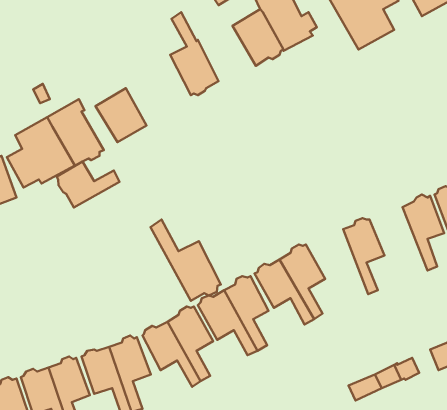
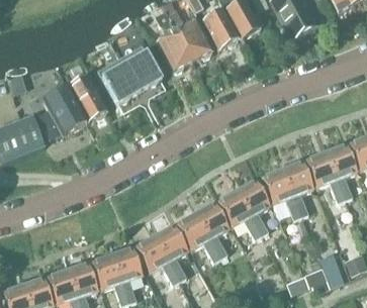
building: none -> [168,9,213,61]
building: none -> [124,54,162,93]
building: [57,162,120,208] -> none
building: none -> [306,152,345,202]
building: [150,220,221,301] -> none
building: none -> [263,169,301,218]

